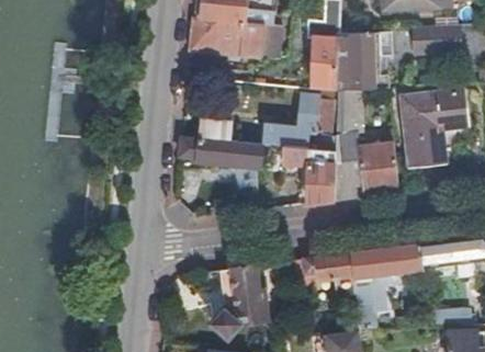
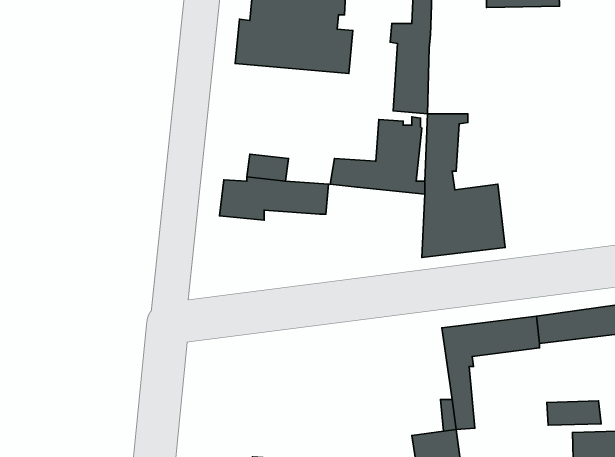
building: [411,24,456,54] -> none
building: [336,33,390,89] -> none
building: [404,92,467,167] -> none
building: [281,145,334,203] -> none
building: [302,252,350,280] -> none
building: [211,265,267,338] -> none

